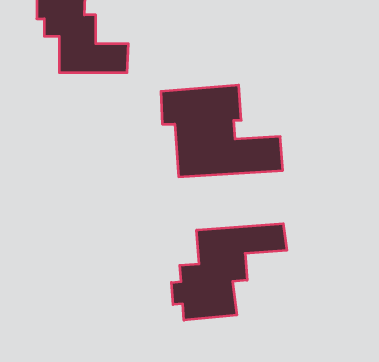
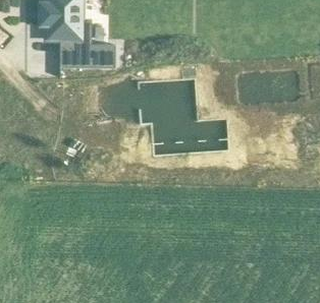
building: [171,224,287,320] -> none

